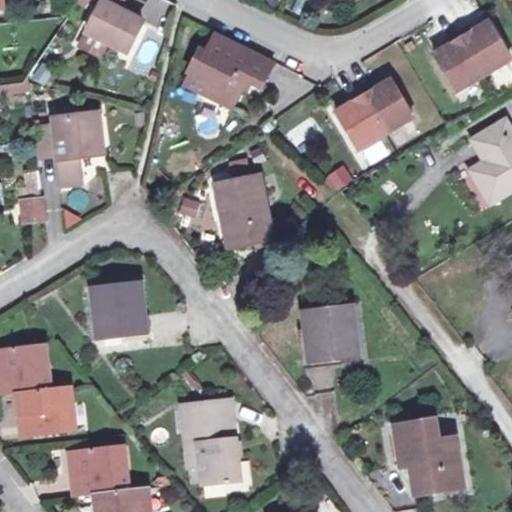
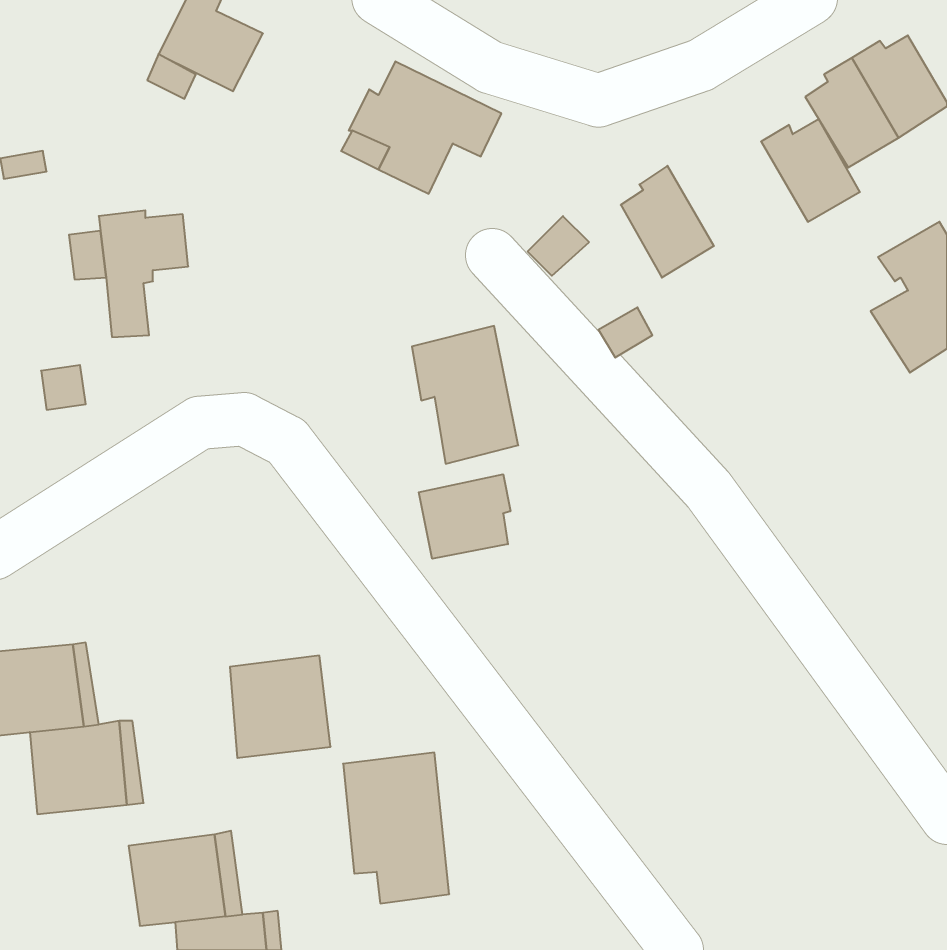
building: [358,77,411,132] -> [761,119,860,222]
building: none -> [419,474,510,559]
building: [95,284,149,339] -> [230,656,331,758]
building: [306,307,360,363] -> none
building: [394,421,462,494] -> none

